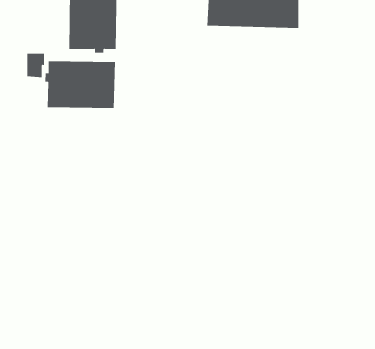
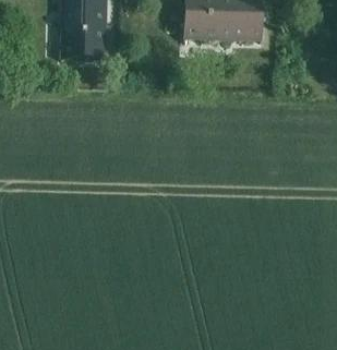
building: [45,61,115,109] -> none

